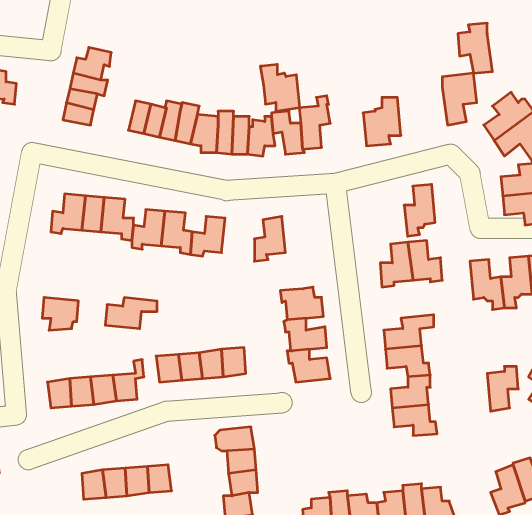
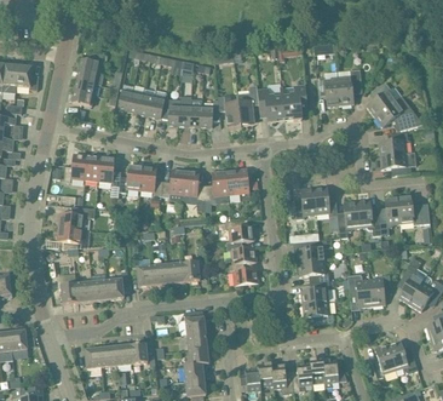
building: [458,23,492,73] -> [317,70,341,105]
building: [260,64,300,111] -> [257,88,284,121]
building: [404,184,435,236] -> [338,200,359,236]
building: none -> [225,167,249,196]
building: none -> [183,170,206,202]
building: [105,298,157,329] -> [58,206,94,228]
building: none -> [347,273,372,307]

